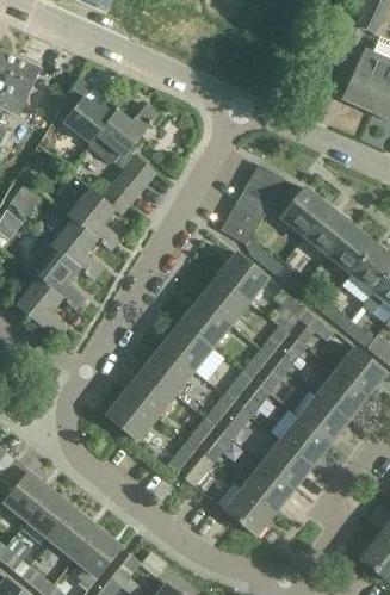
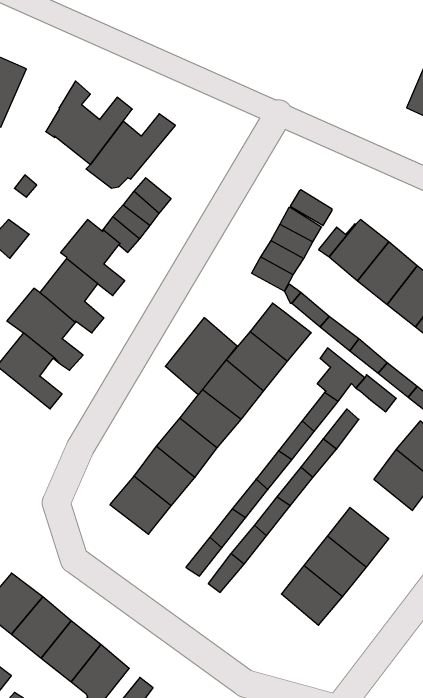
building: none -> [165,318,237,395]
building: [298,396,348,444] -> none
building: [224,488,273,537] -> none

